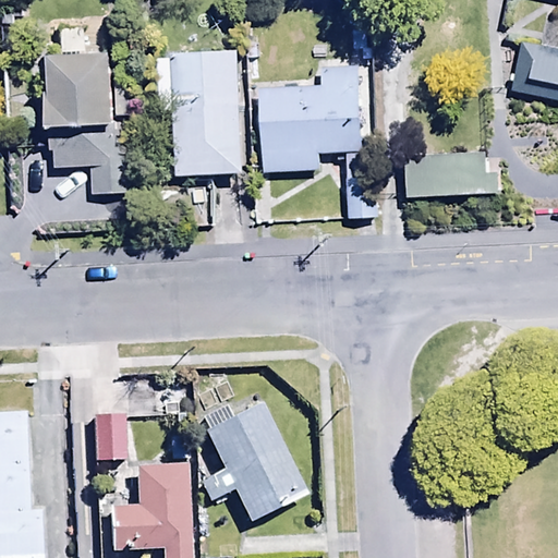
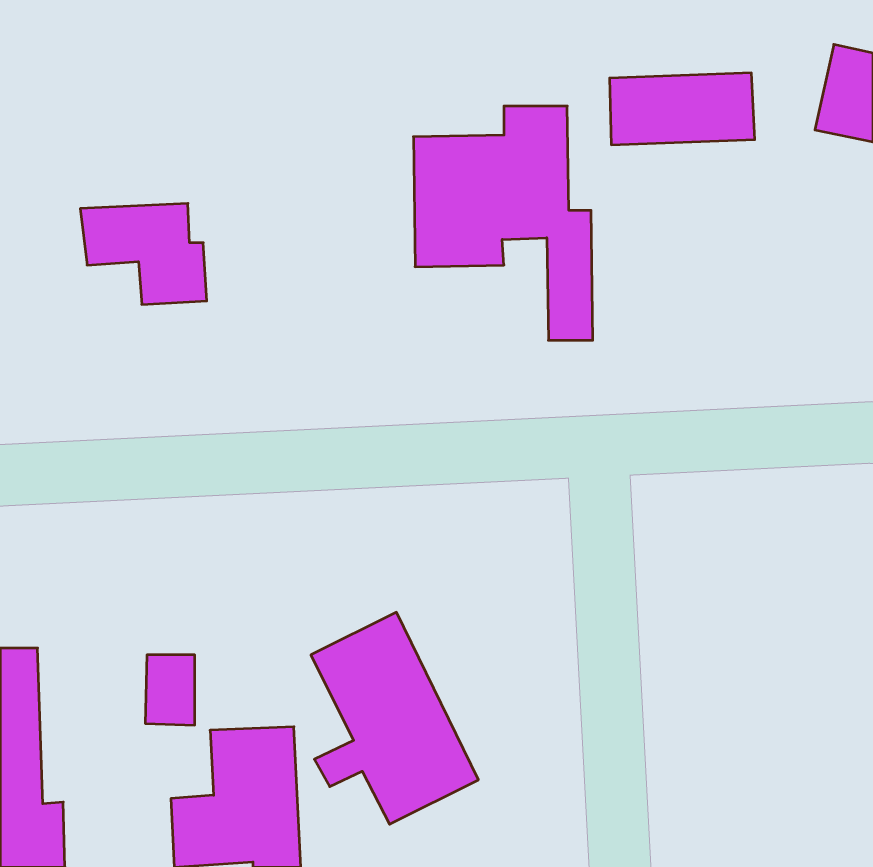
building: [48,50,119,126] -> none
building: [173,51,243,174] -> none
building: [409,151,501,197] -> [610,73,755,145]

